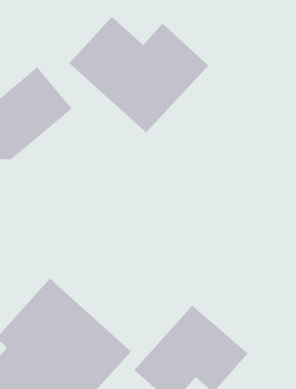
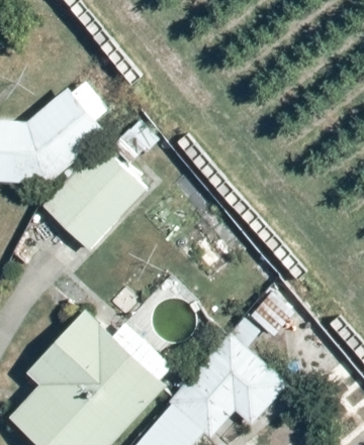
building: [69,16,209,133] -> none
building: none -> [40,147,145,252]

